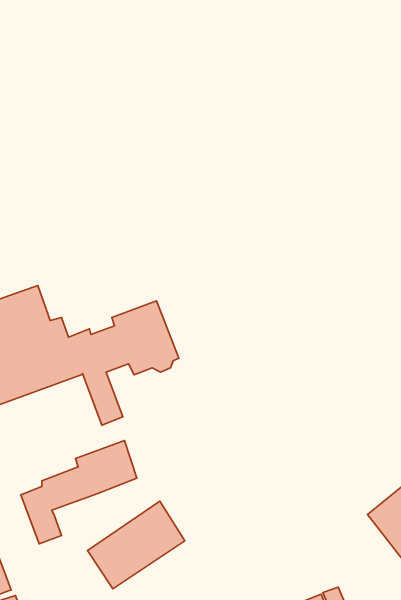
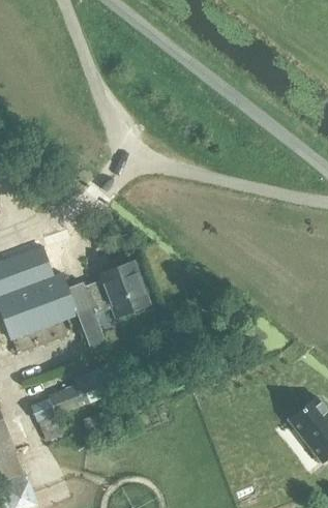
building: [87,501,185,589] -> none

